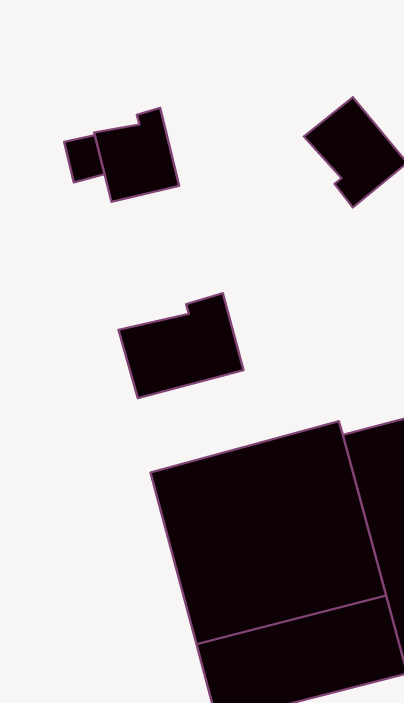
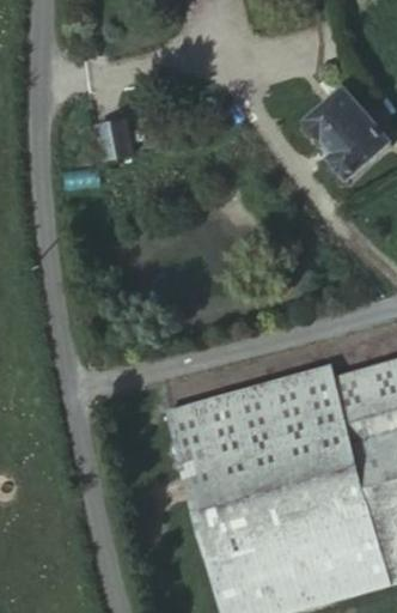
building: [94,108,179,202] -> none
building: [119,293,243,398] -> none

